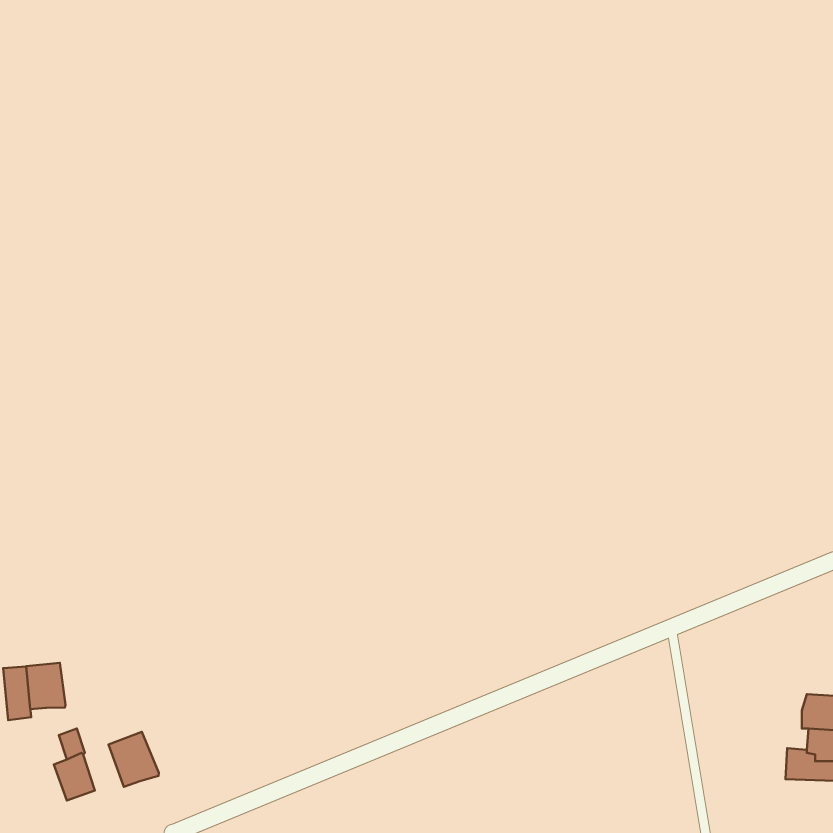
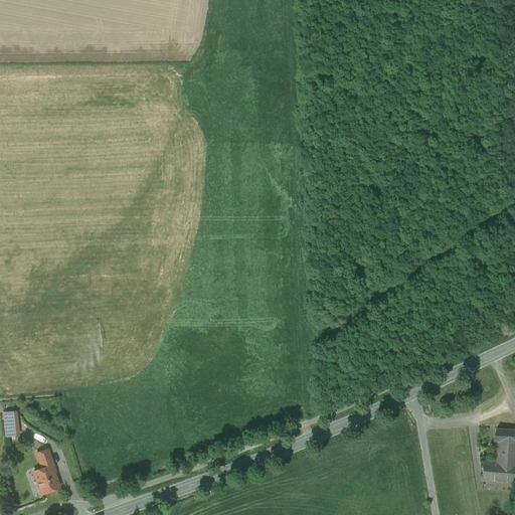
building: [26,663,66,709] -> none
building: [109,732,159,787] -> none

